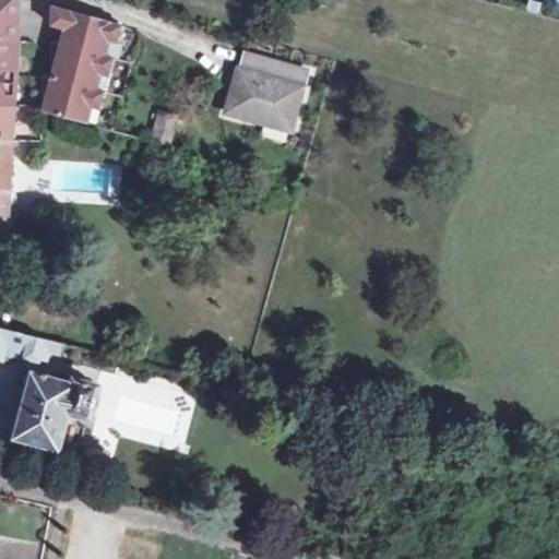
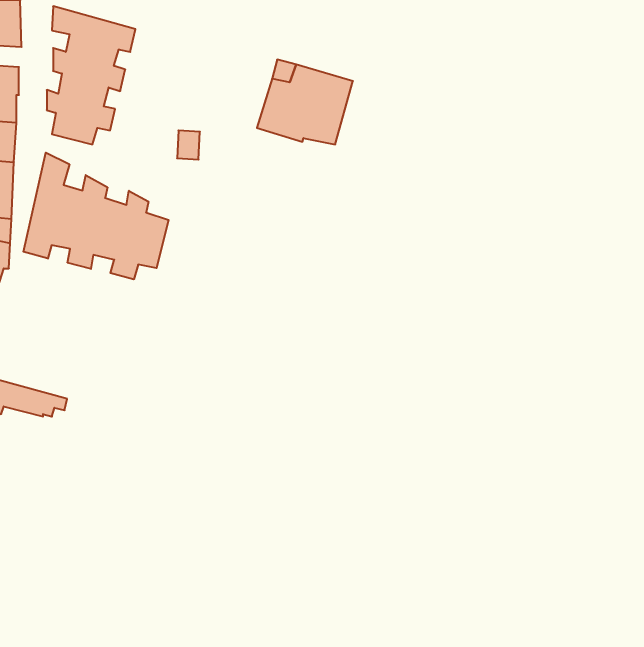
building: none -> [23,153,169,279]
building: [14,373,100,448] -> none

